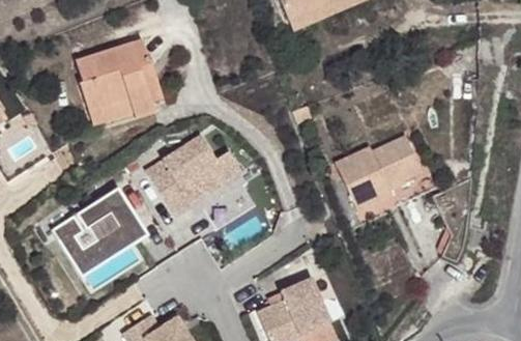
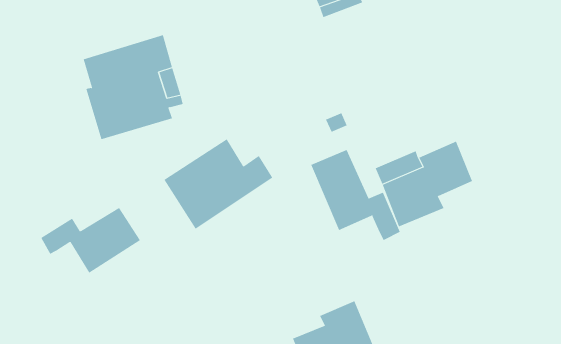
building: none -> [310,149,401,241]
building: [52,187,146,274] -> none

